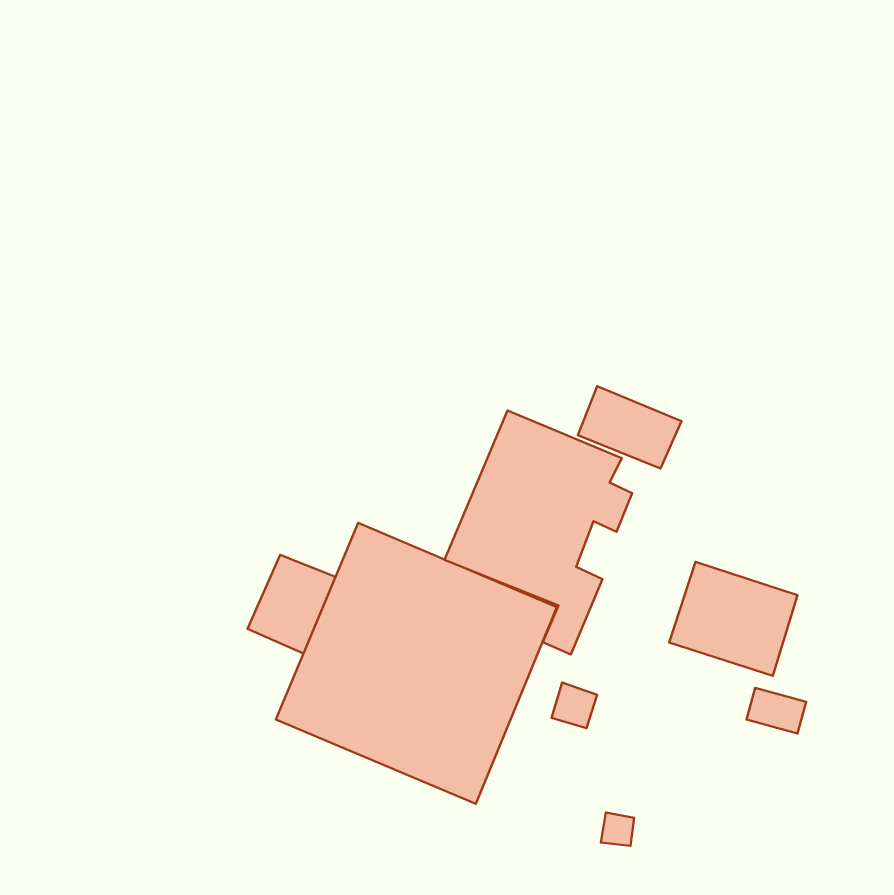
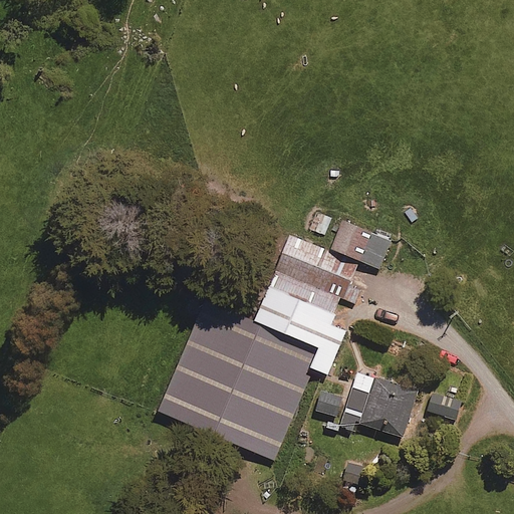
building: [248,555,336,653] -> none
building: [669,562,797,676] -> [342,372,416,438]

